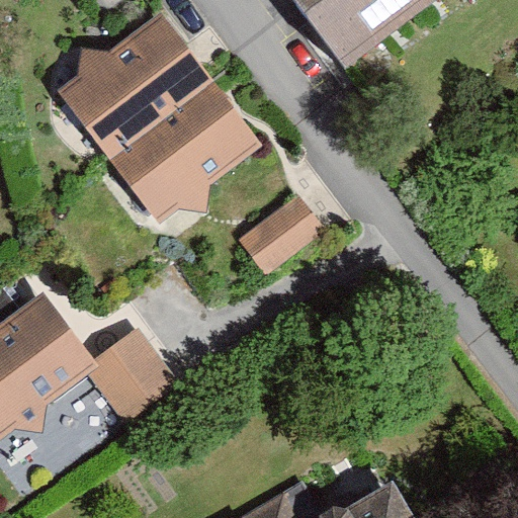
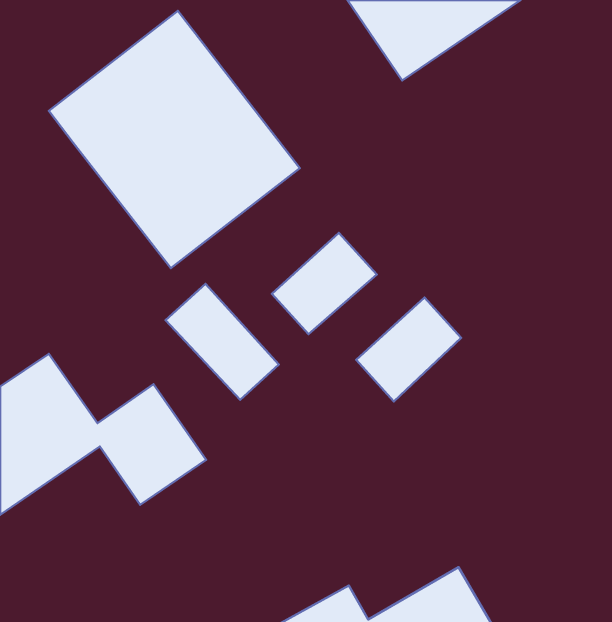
building: none -> [166,284,279,400]
building: none -> [356,298,461,401]

